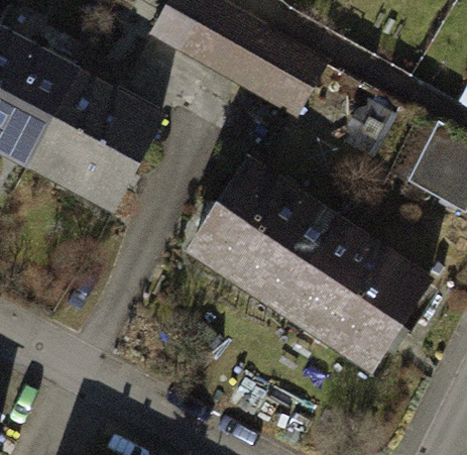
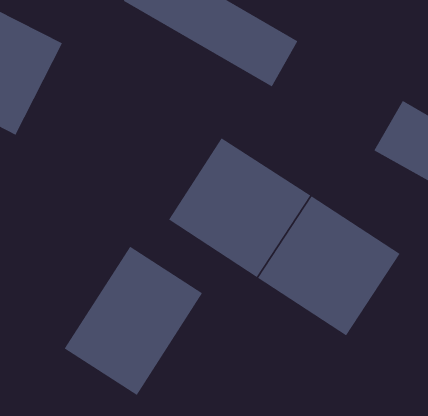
building: [39,71,177,209] -> none
building: none -> [64,246,203,396]

